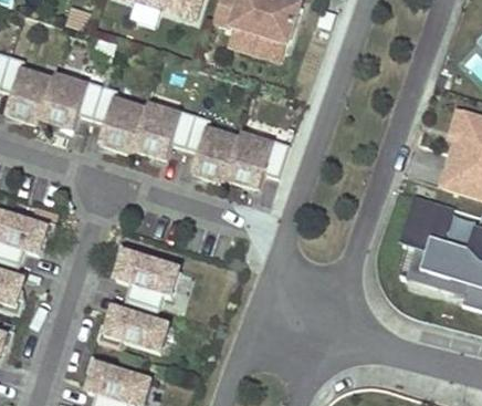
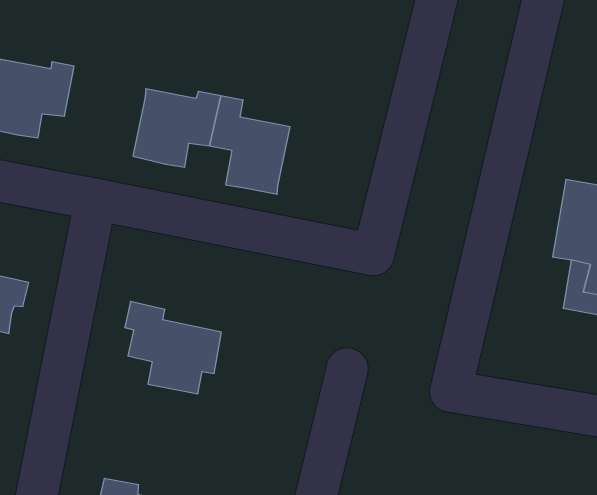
building: [93,84,147,153] -> none
building: [228,134,290,188] -> none
building: [98,298,170,351] -> none

